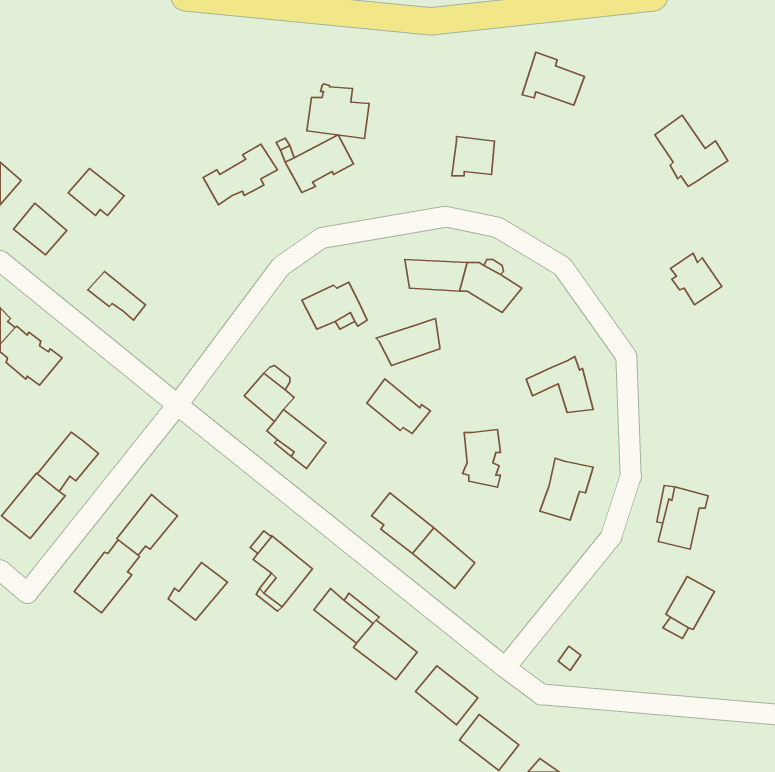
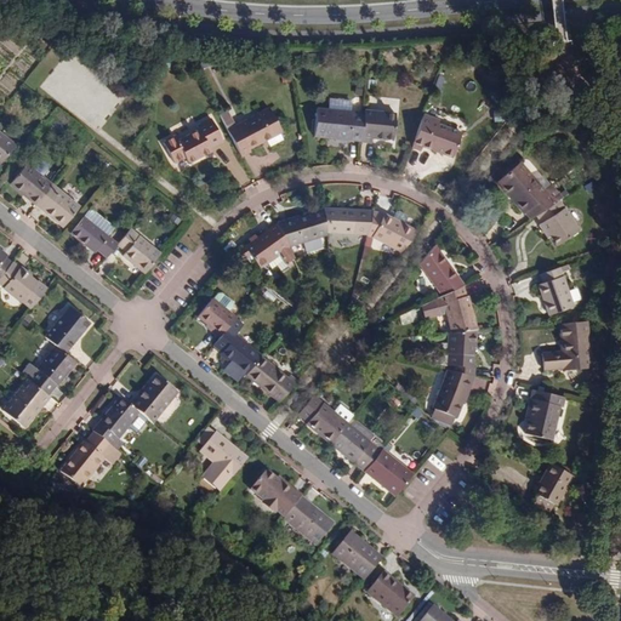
building: [522,52,584,105] -> [412,113,462,155]
building: [307,84,369,138] -> [315,97,365,141]
building: [655,115,728,186] -> [503,161,562,218]
building: [68,168,124,215] -> [36,184,81,222]
building: none -> [116,228,161,273]
building: none -> [420,245,462,294]
building: [376,319,440,366] -> [277,207,327,245]
building: none -> [537,266,574,313]
building: [367,379,430,433] -> [245,355,296,399]
building: none -> [45,306,90,352]
building: none -> [542,319,589,369]
building: [463,430,501,487] -> [446,327,477,374]
building: none -> [364,449,412,496]
building: [168,563,227,620] -> [131,375,178,421]

